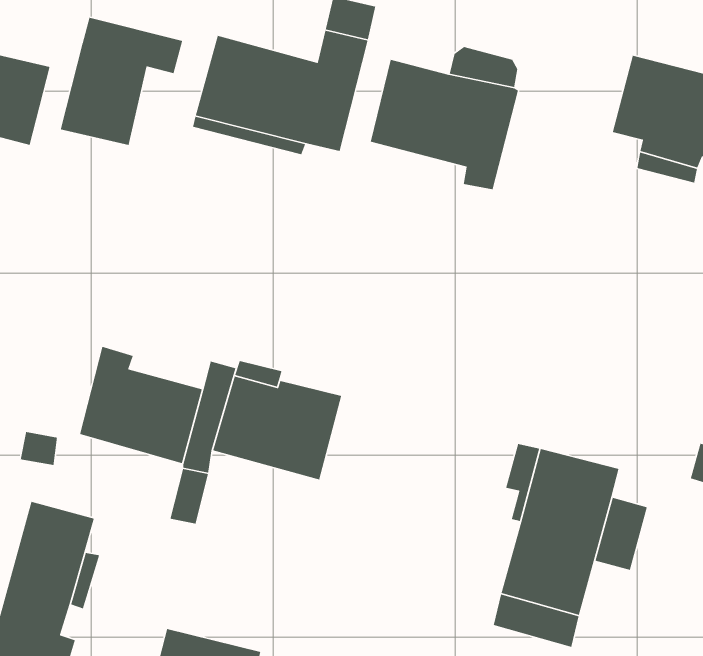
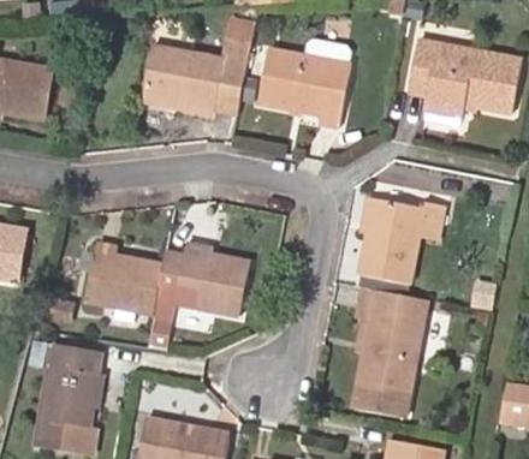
building: [60,17,183,146] -> none
building: none -> [352,197,438,282]

